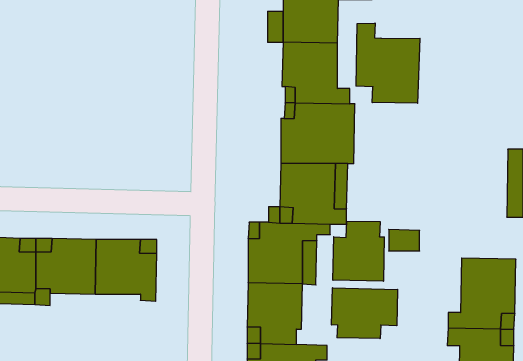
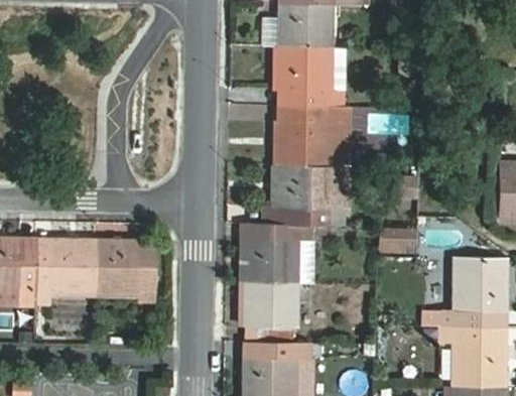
building: [356,23,420,103] -> none
building: [333,221,384,281] -> none
building: [332,288,398,339] -> none

